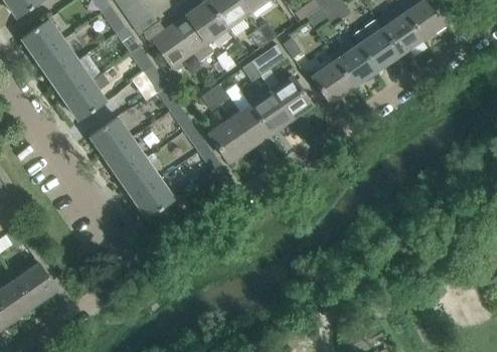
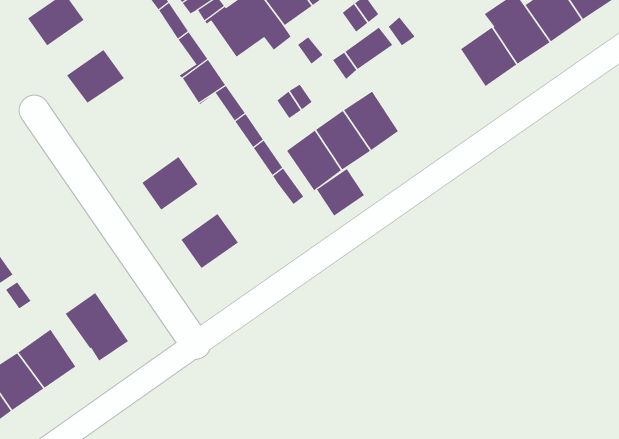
building: [35,39,76,79] -> none
building: [311,60,352,103] -> none
building: [64,73,109,121] -> none
building: [271,76,311,120] -> none
building: [89,117,131,157] -> none
building: none -> [316,168,365,216]
building: [118,158,159,198] -> none
building: none -> [65,292,129,361]

